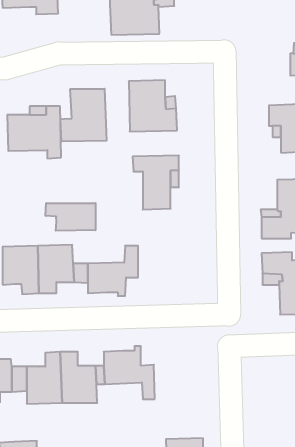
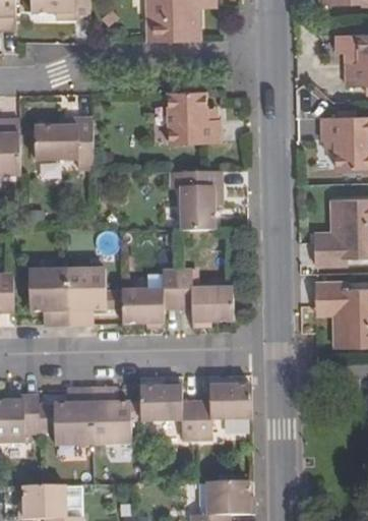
building: [60,89,106,142] -> none
building: [46,203,96,231] -> none
building: none -> [177,271,234,325]
building: none -> [194,380,253,439]

